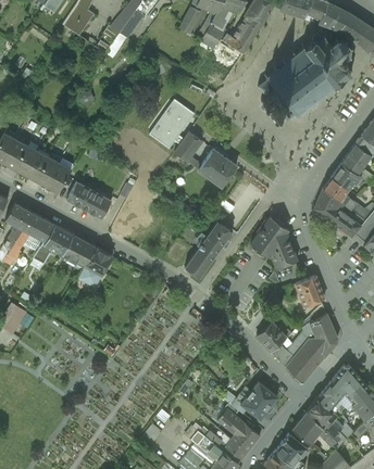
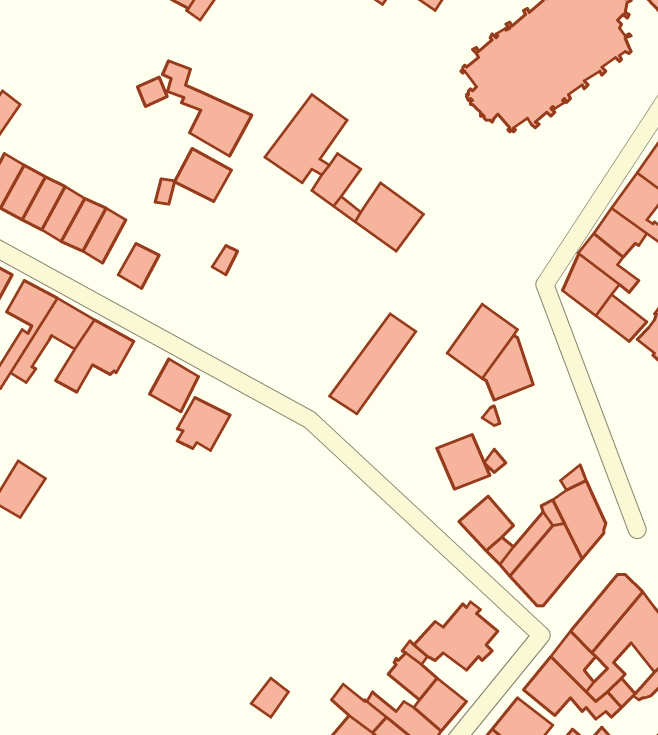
building: none -> [163,61,252,156]
building: [80,189,112,218] -> [175,149,231,202]
building: [66,237,96,266] -> [177,398,230,450]
building: [296,277,325,307] -> [437,434,490,489]

